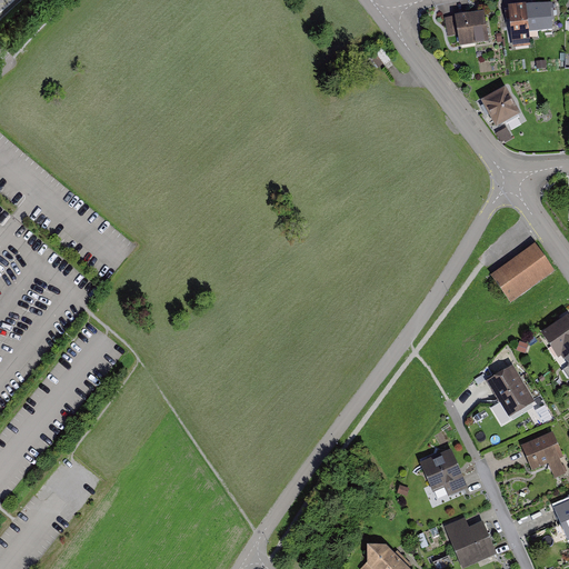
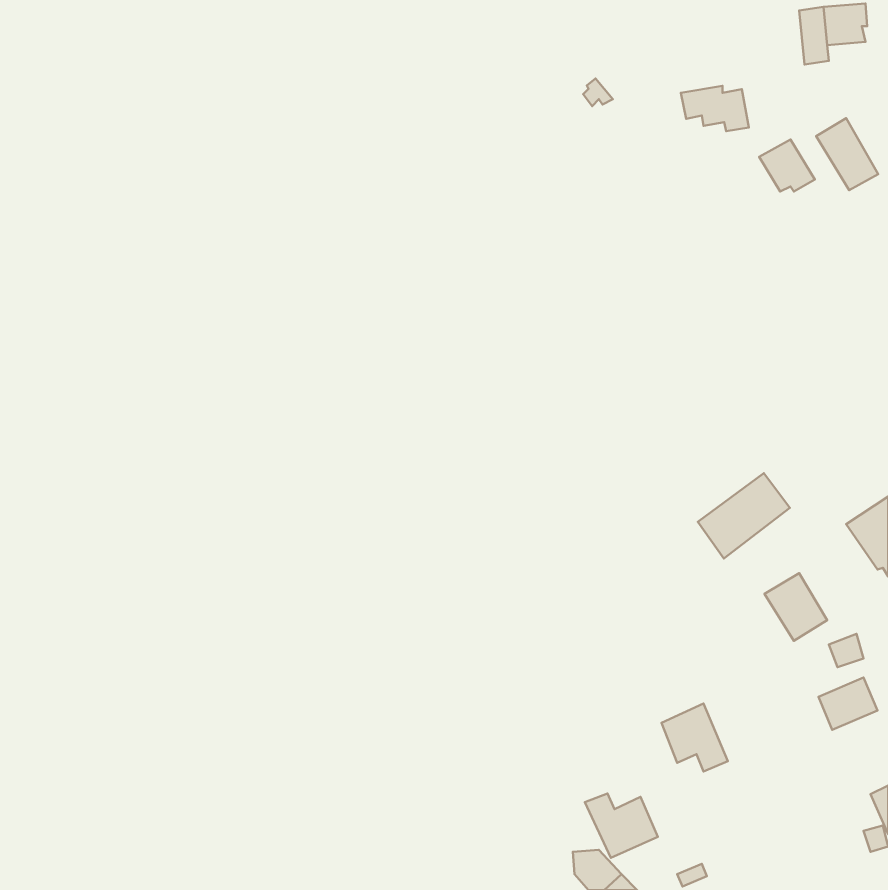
building: [446,12,489,41] -> [681,86,749,131]
building: none -> [816,118,878,190]
building: [492,243,551,298] -> [698,473,790,558]
building: [445,519,491,560] -> [585,793,658,858]

